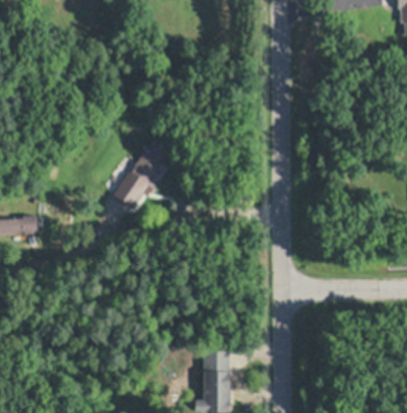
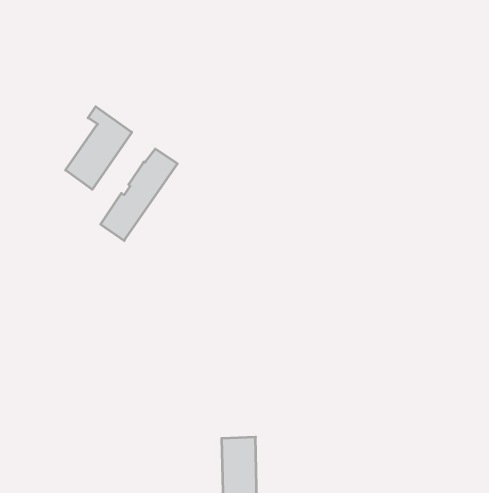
building: none -> [66,107,132,189]

